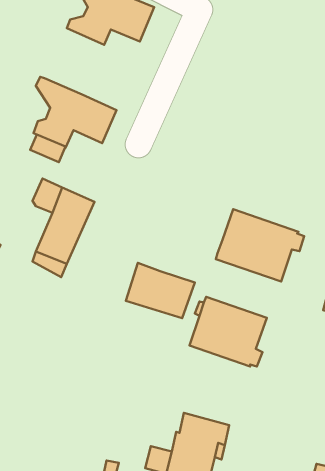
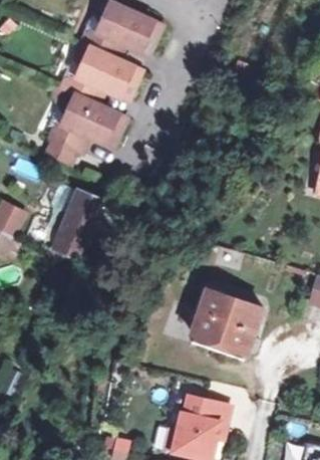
building: none -> [62,44,142,104]
building: [216,209,304,282] -> none
building: [126,263,195,318] -> none

